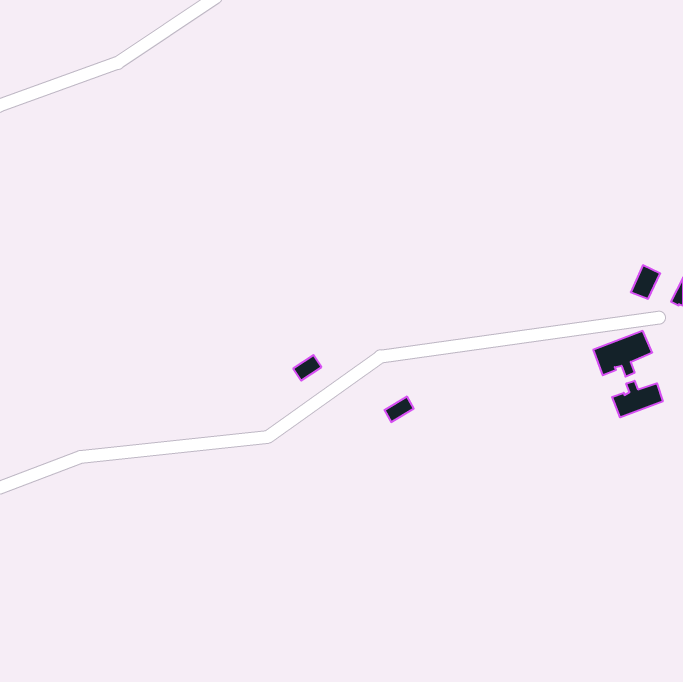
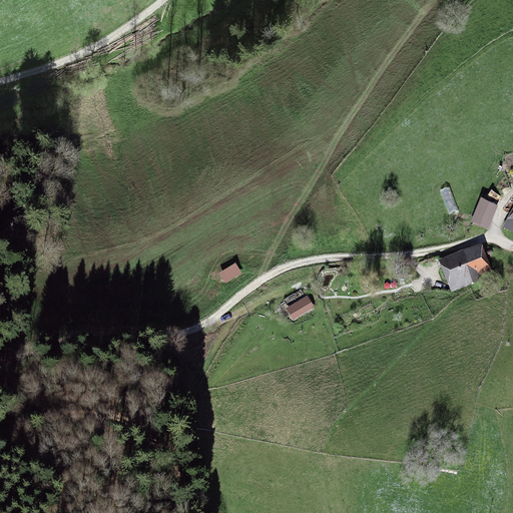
building: [612,381,663,417] -> none

